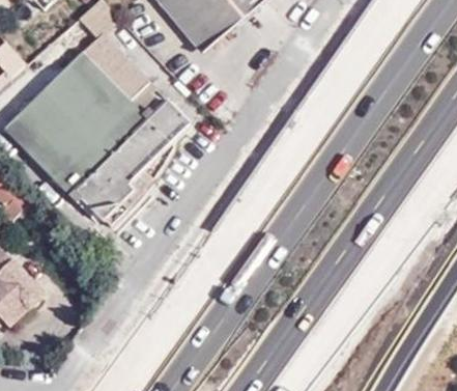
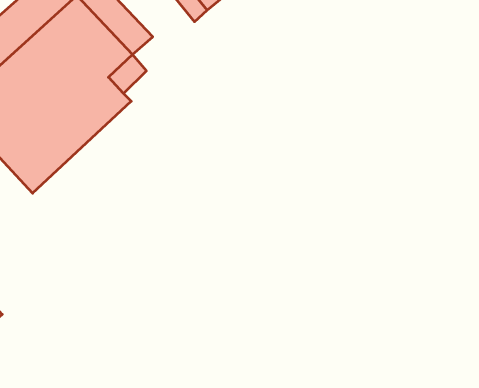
building: [69,101,190,230] -> none

